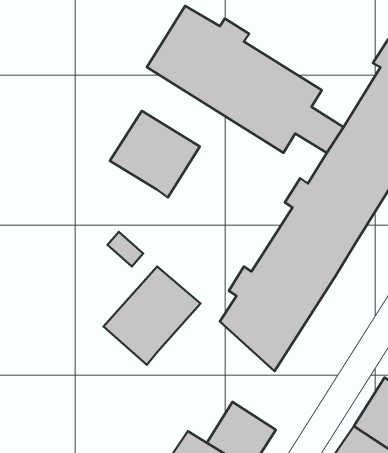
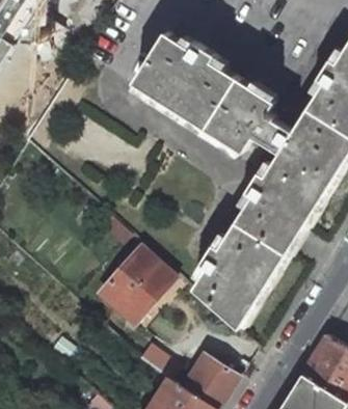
building: [110,111,200,198] -> none

